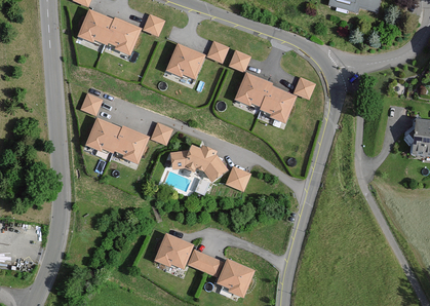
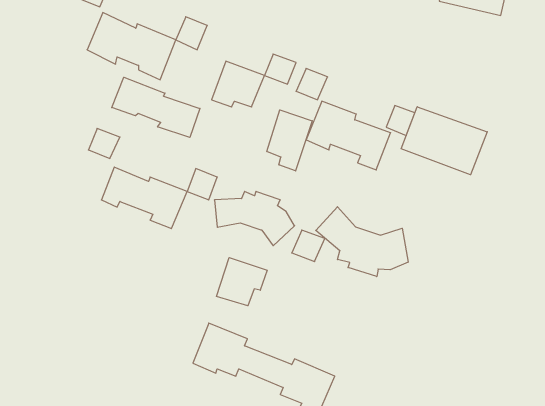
building: none -> [112,77,200,137]
building: none -> [401,107,487,175]
building: none -> [267,110,312,171]
building: none -> [316,207,408,277]
building: none -> [216,258,267,306]

